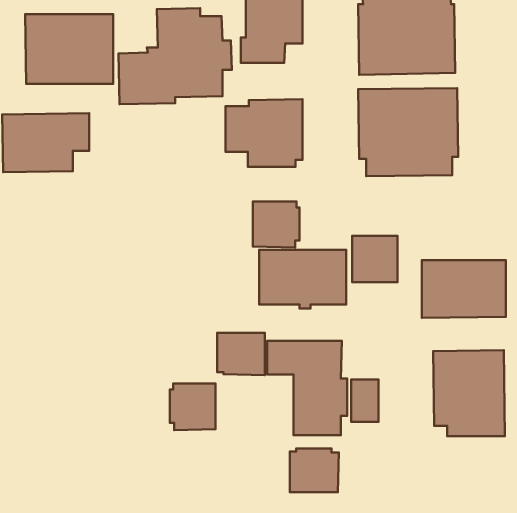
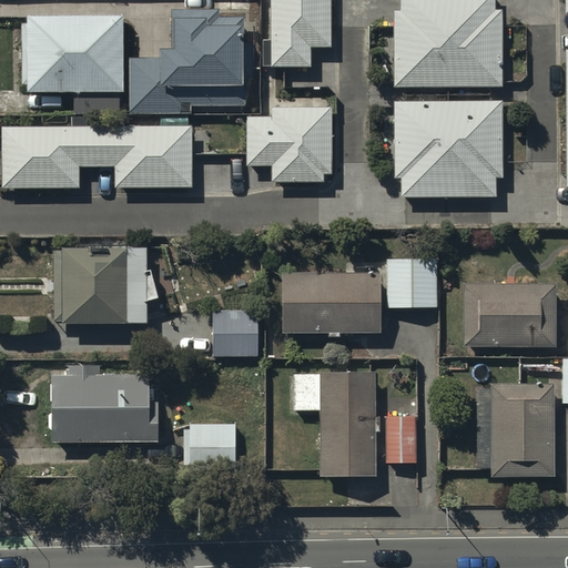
building: none -> [98,123,193,186]
building: [253,201,299,247] -> none
building: none -> [53,250,159,326]
building: [217,333,265,375] -> [206,311,258,357]
building: none -> [53,366,160,444]
building: [290,449,339,492] -> none

